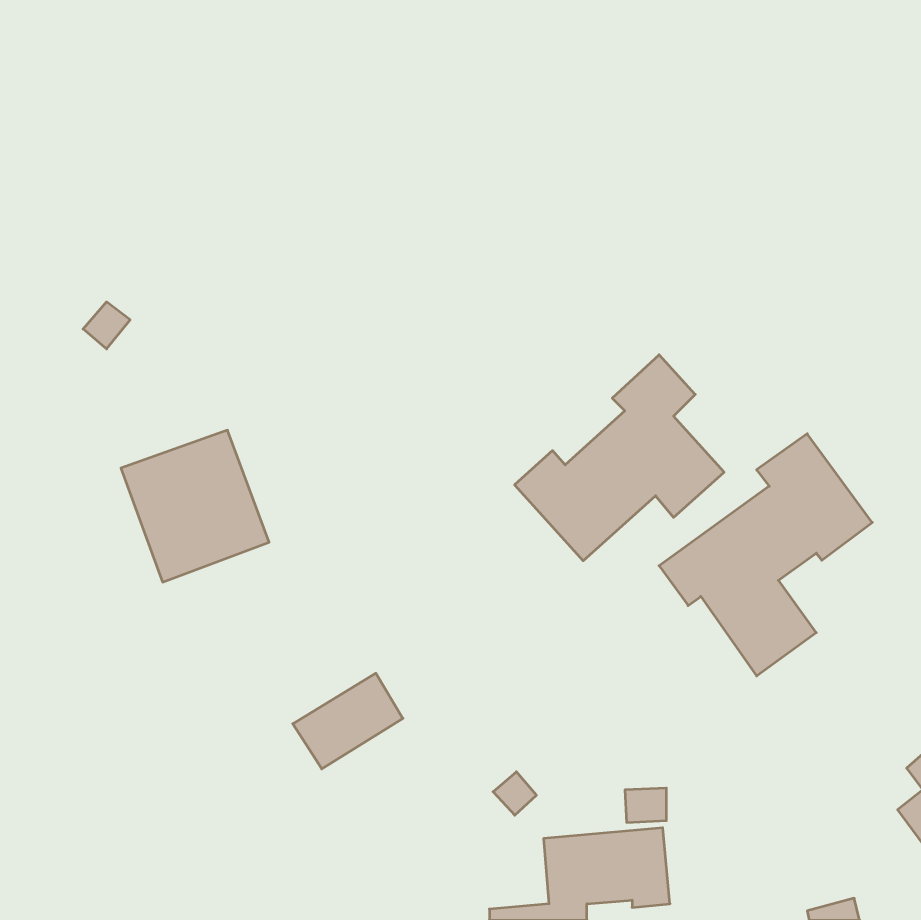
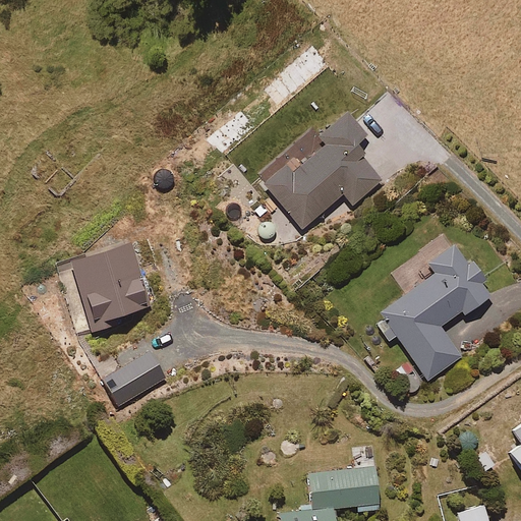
building: [515,355,724,561] -> [265,112,383,228]
building: [293,673,403,769] -> [102,353,164,407]

